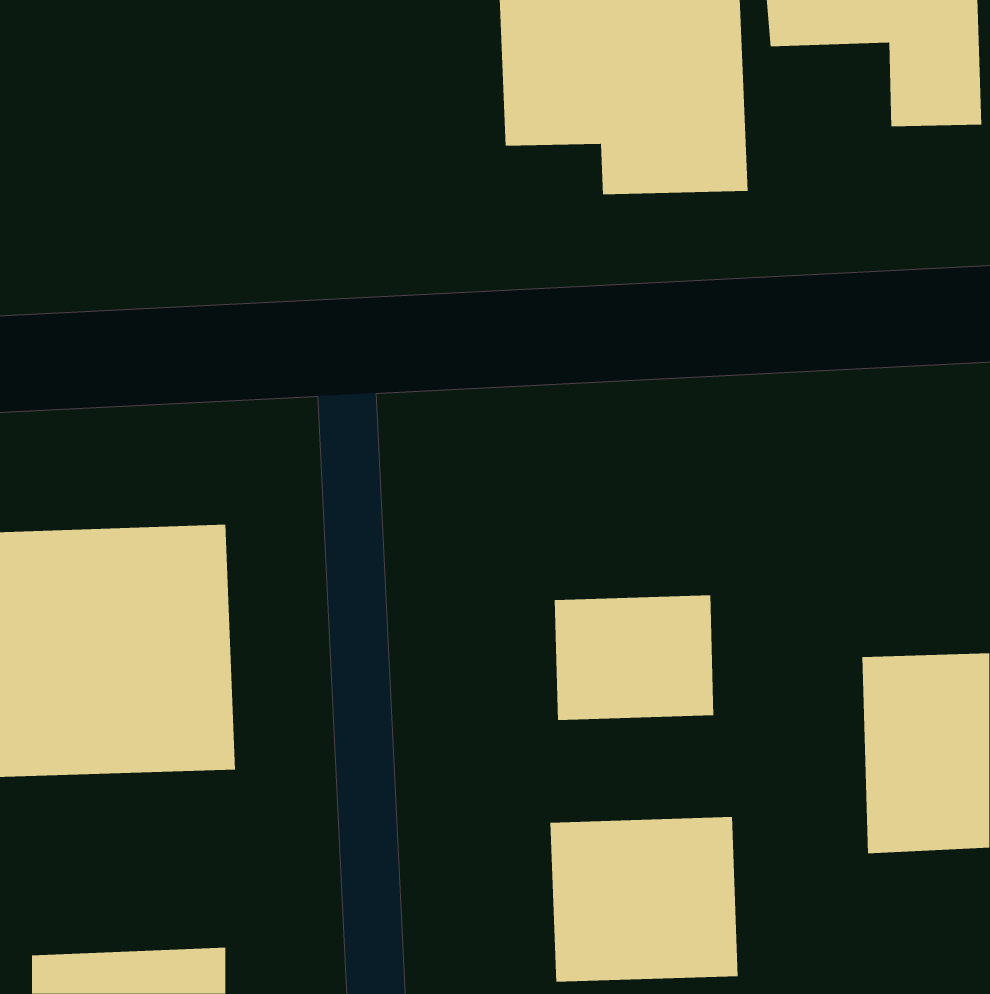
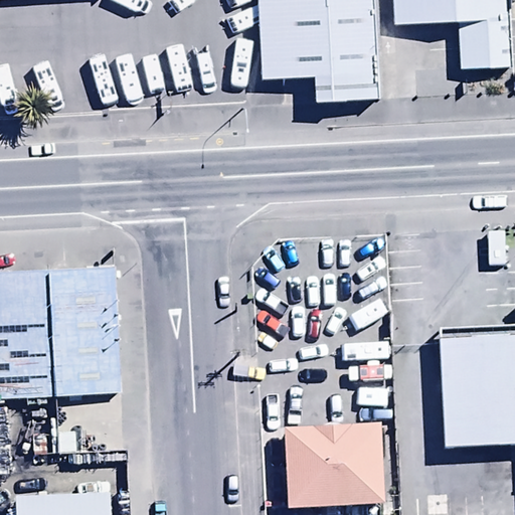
building: [554,595,714,721] -> none

